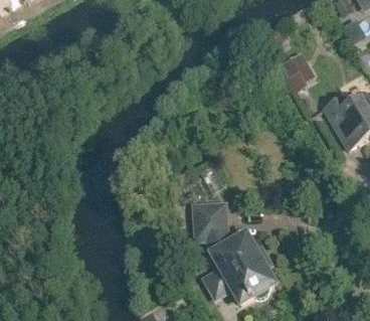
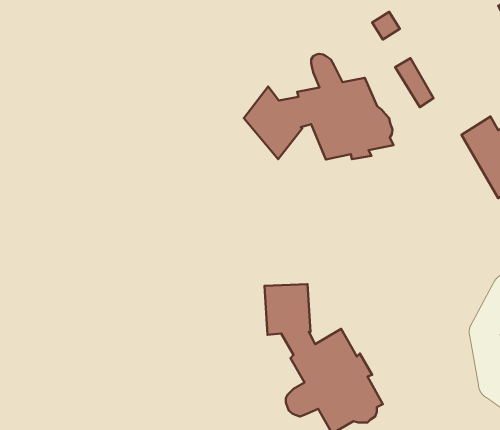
building: none -> [244,54,393,159]

